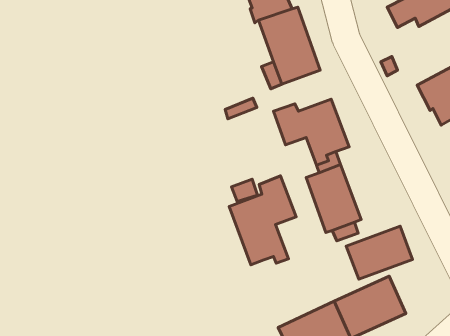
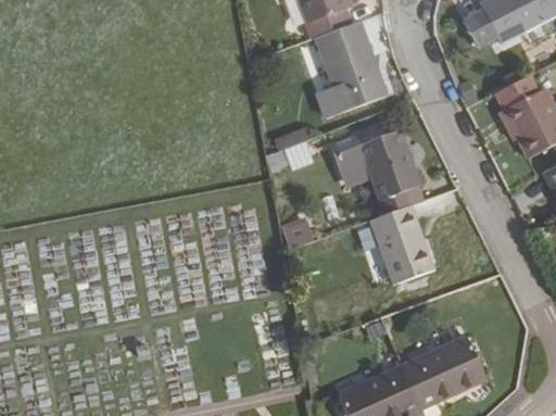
building: [229,176,296,265] -> none
building: [346,226,412,279] -> none

